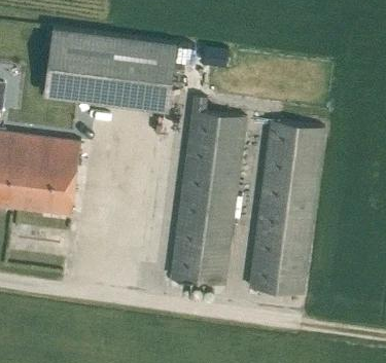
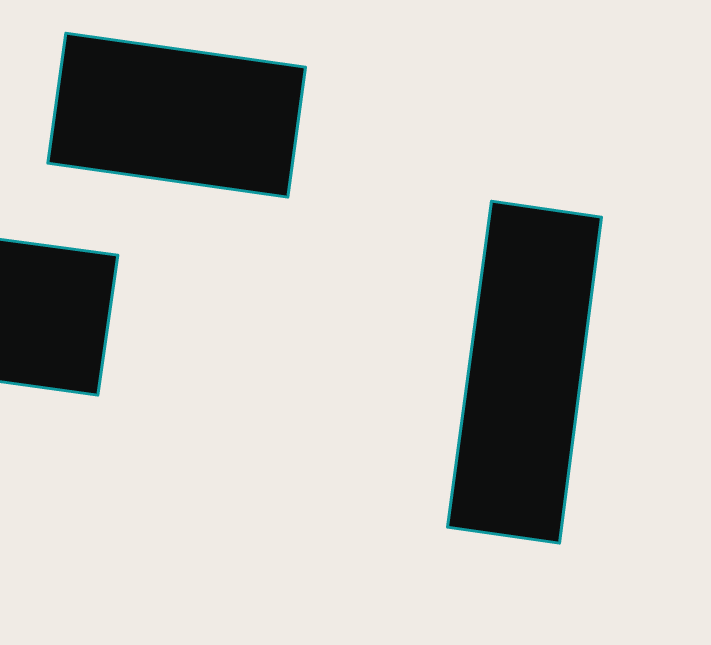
building: [171,92,249,282] -> none

